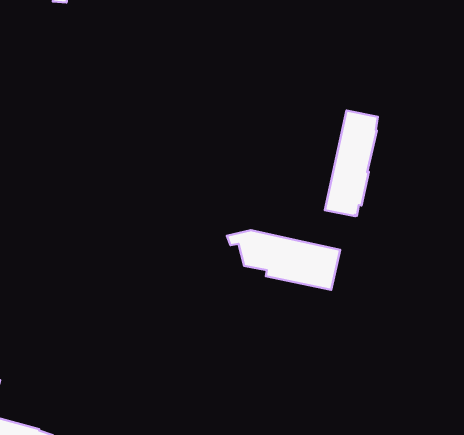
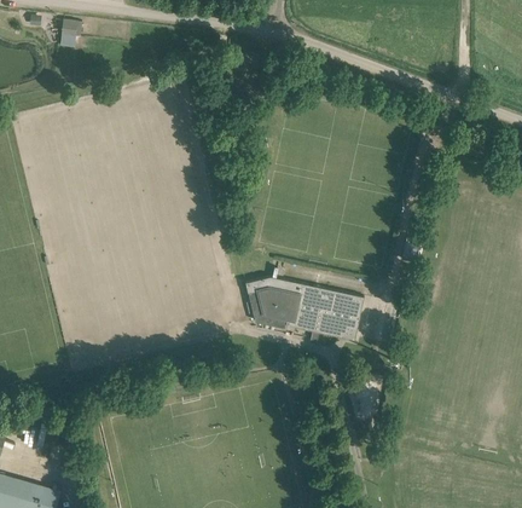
building: [325,110,378,216] -> none

